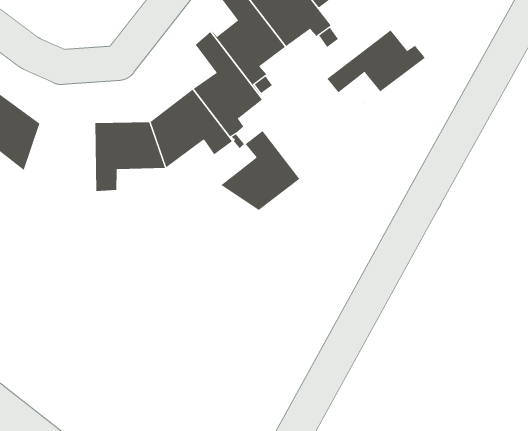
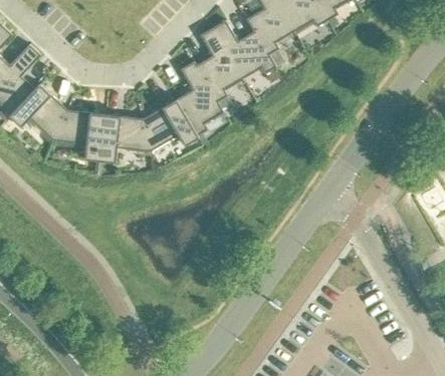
building: [327,30,425,105] -> none
building: none -> [53,110,105,161]
building: [220,130,300,211] -> none

